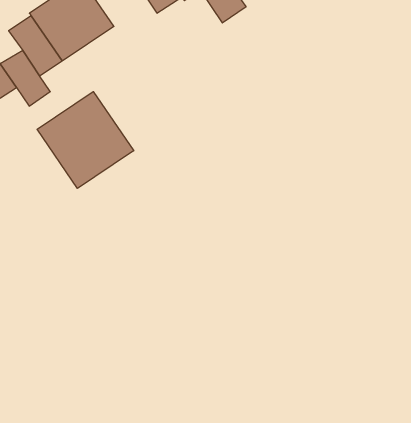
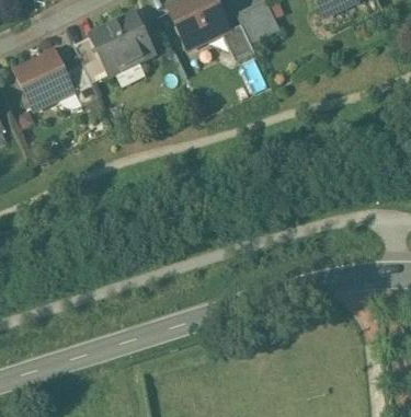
building: [37,92,134,188] -> none

